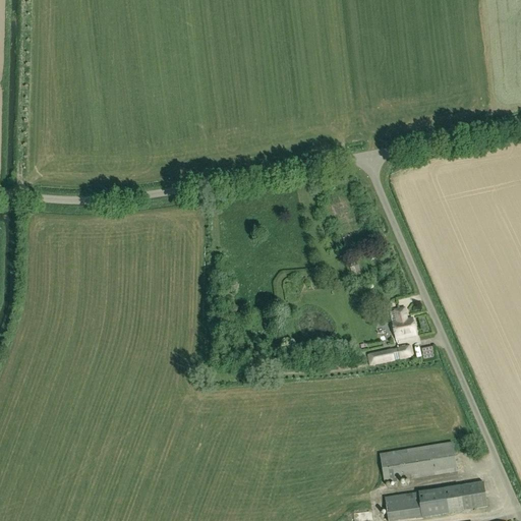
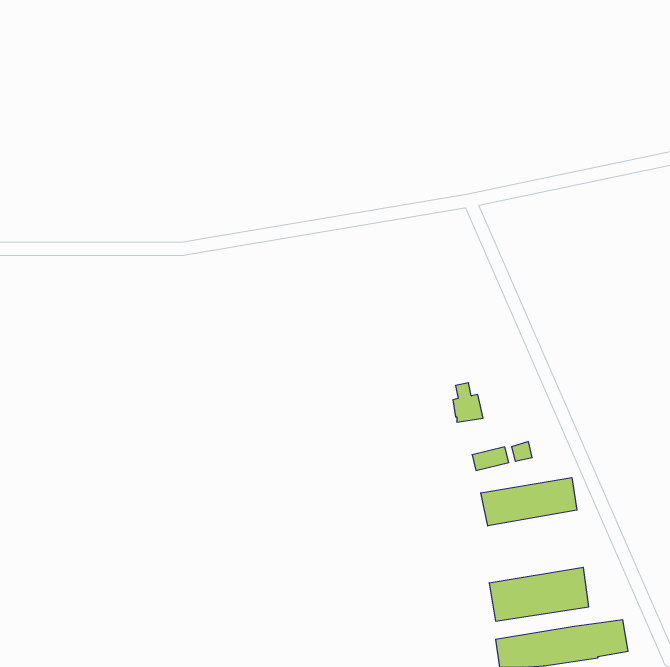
building: [393,307,416,338] -> [453,383,483,422]
building: none -> [481,478,577,526]

